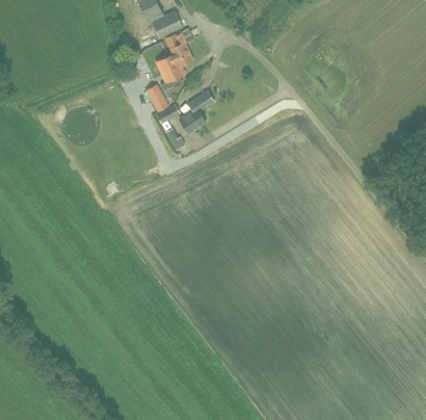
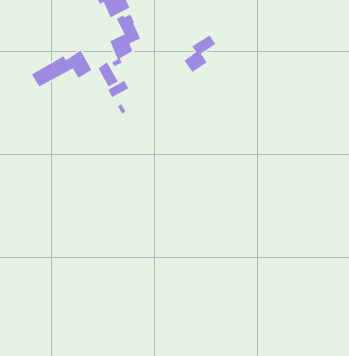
building: none -> [31,49,92,88]
building: [180,90,215,132] -> [183,34,216,73]

